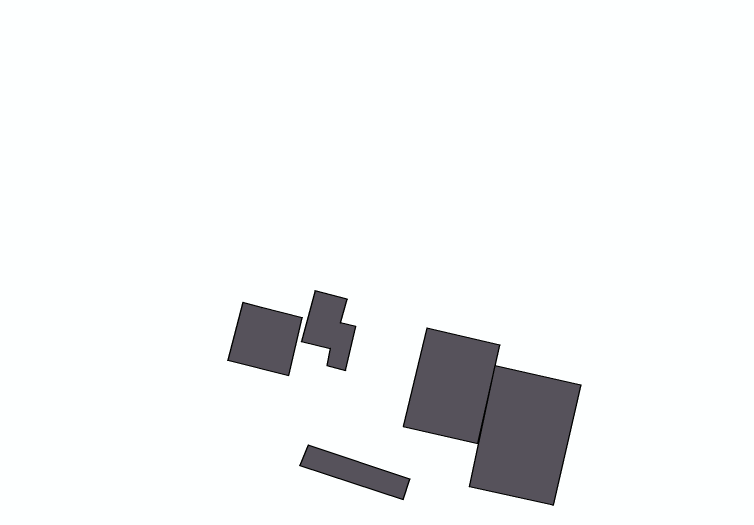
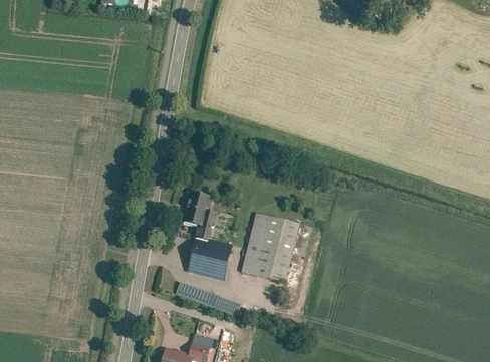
building: [228,302,302,375] -> [187,236,231,279]
building: [469,365,581,505] -> none

